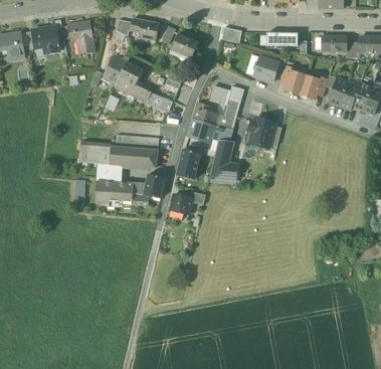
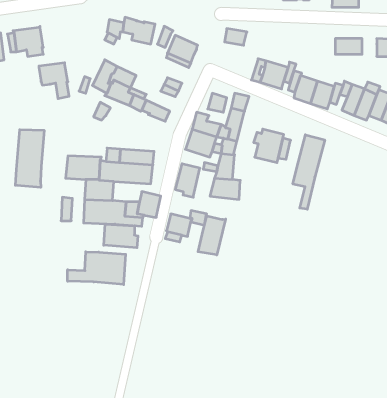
building: [67,21,94,53] -> [39,63,69,99]
building: [266,32,298,46] -> none
building: none -> [15,130,44,187]
building: none -> [293,135,325,209]
building: none -> [198,216,226,255]
building: none -> [104,224,138,248]
building: none -> [68,252,126,285]

